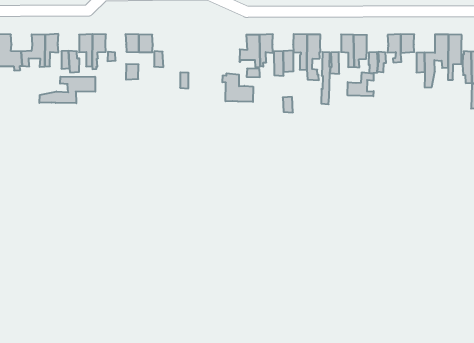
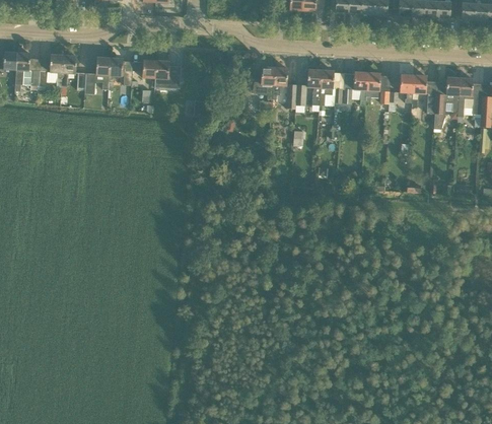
building: [348,72,374,96] -> none
building: [222,73,253,102] -> none
building: [39,77,95,103] -> none

